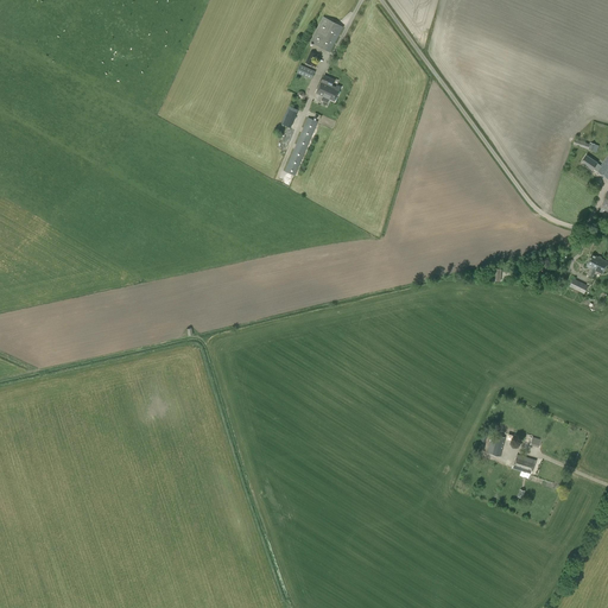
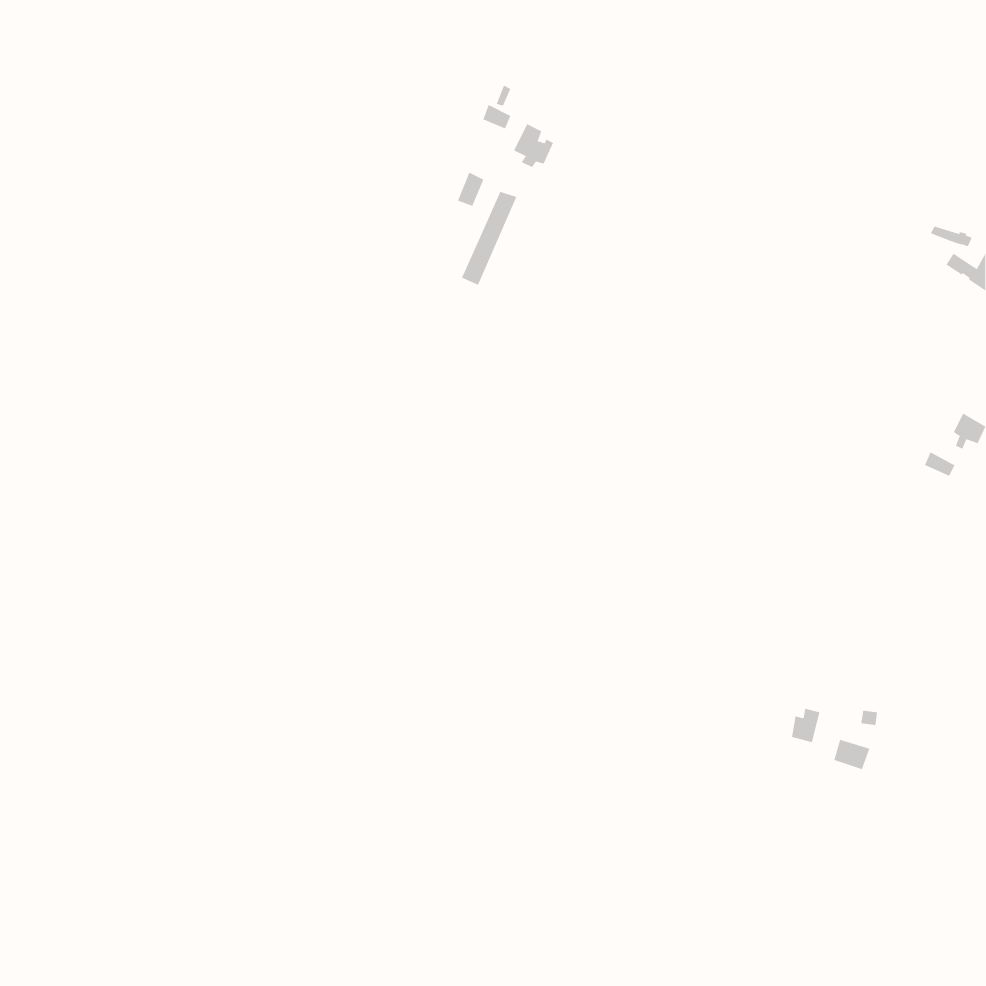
building: [310,17,343,51] -> none

